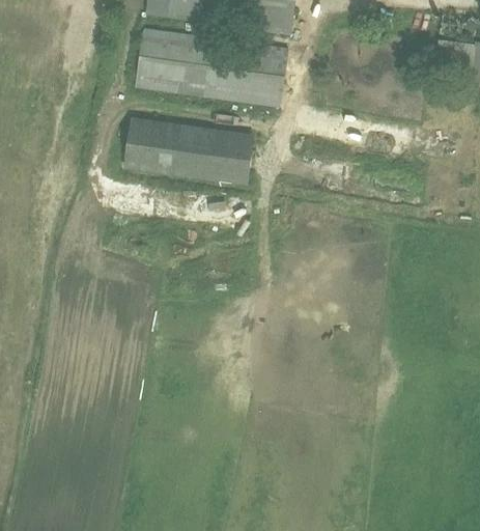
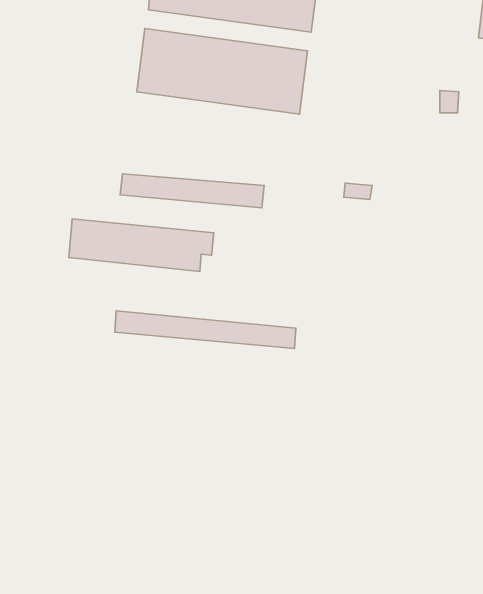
building: [126,118,255,165] -> [69,219,214,272]
building: none -> [115,311,296,348]

